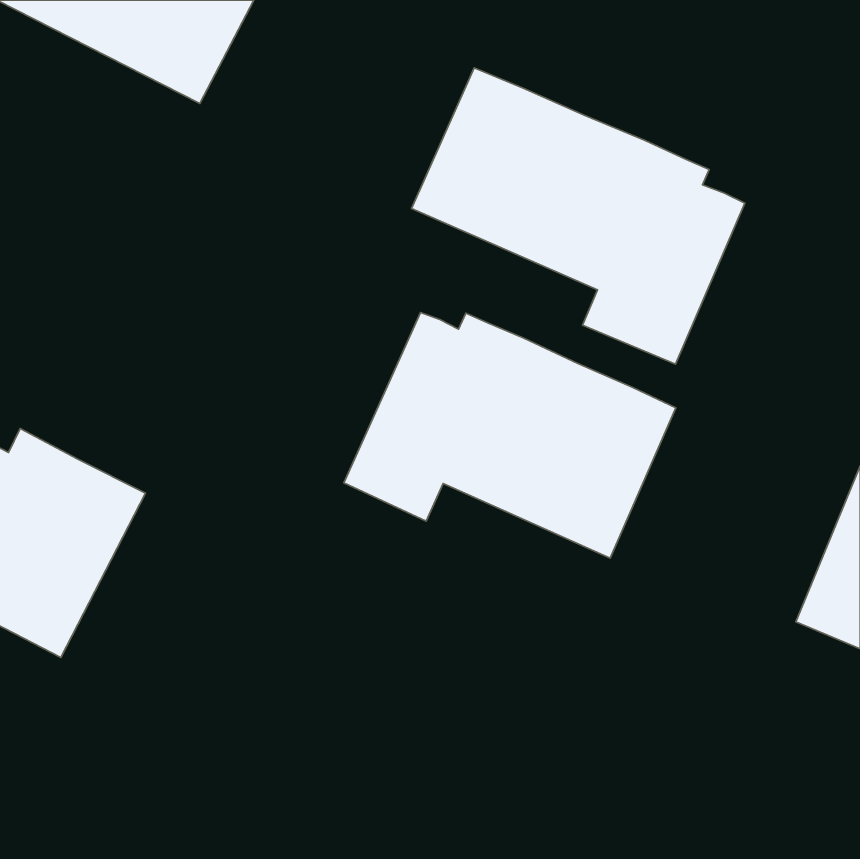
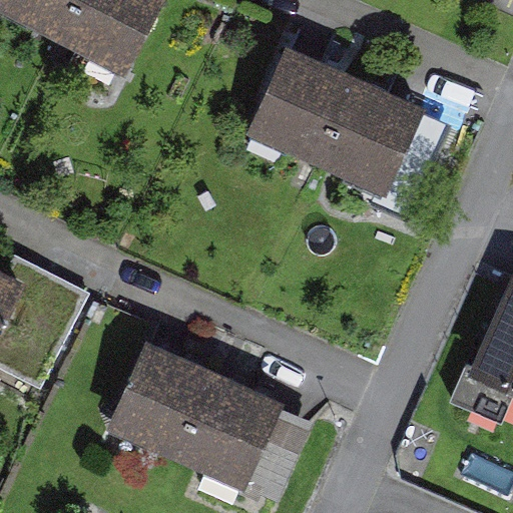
building: [344,312,676,558] -> none
building: none -> [110,348,309,504]

